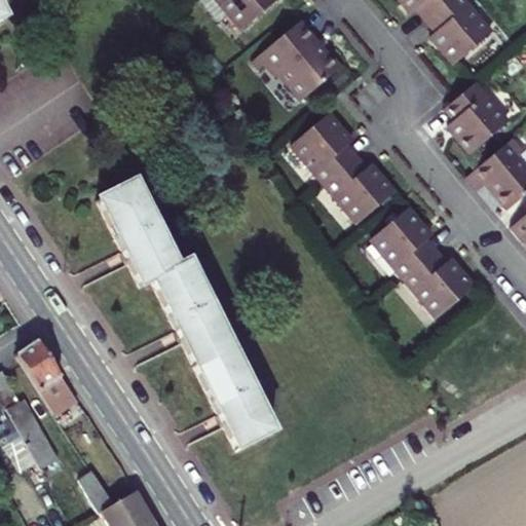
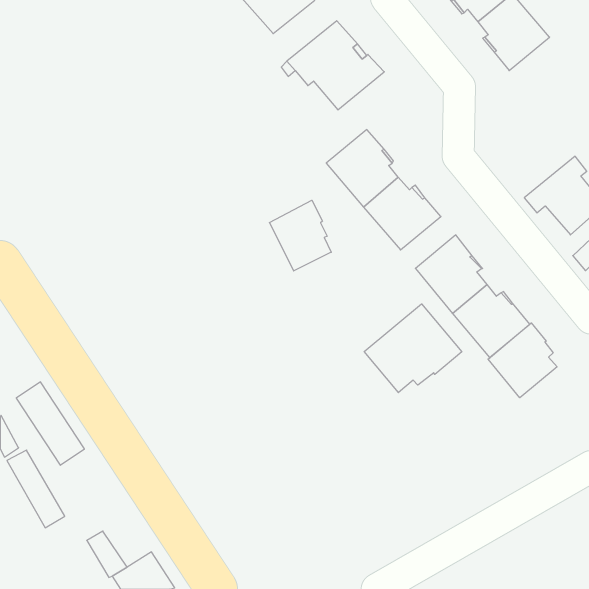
building: [444,83,508,153] -> none
building: none -> [269,200,331,271]
building: [97,180,274,451] -> none
building: none -> [364,304,462,393]
building: none -> [488,323,557,398]

